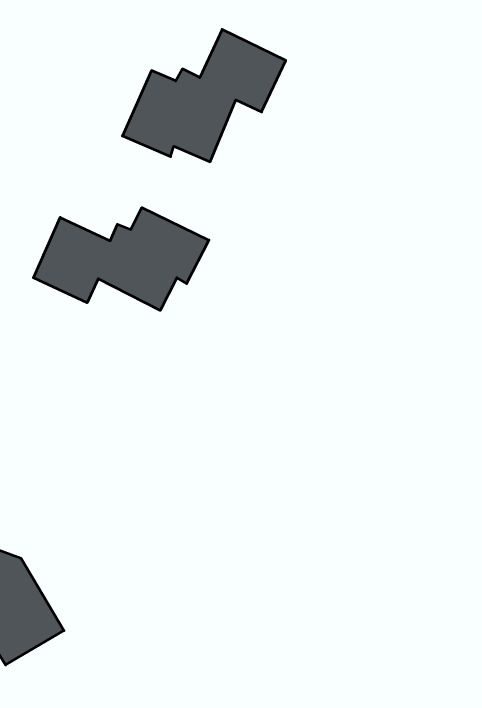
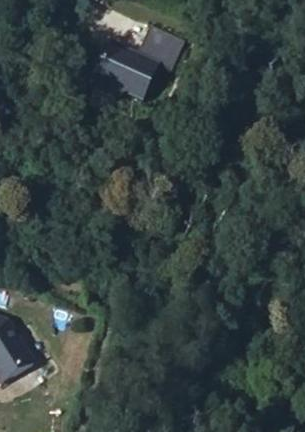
building: [33,208,209,310] -> none

